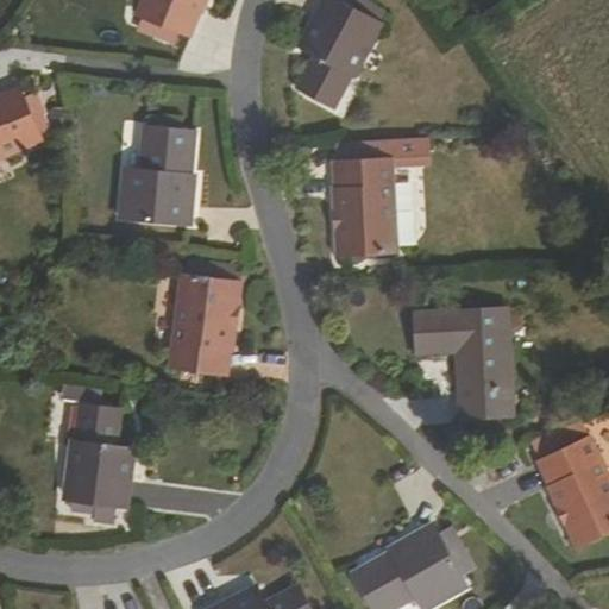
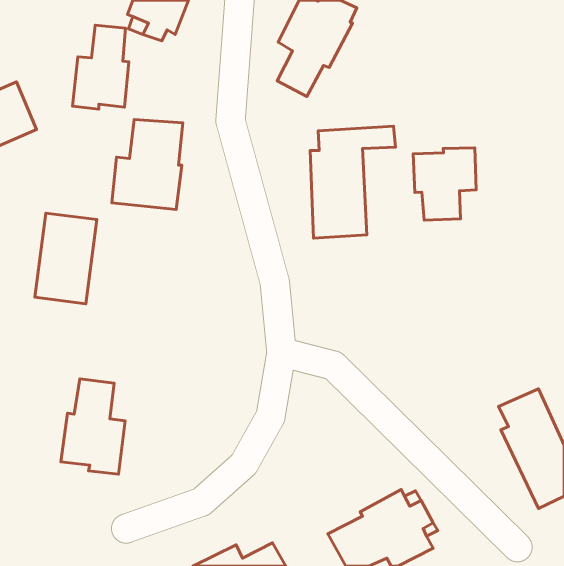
building: none -> [72,25,129,109]
building: none -> [413,148,476,220]
building: [171,275,238,372] -> [35,213,97,304]
building: [415,312,514,422] -> none

